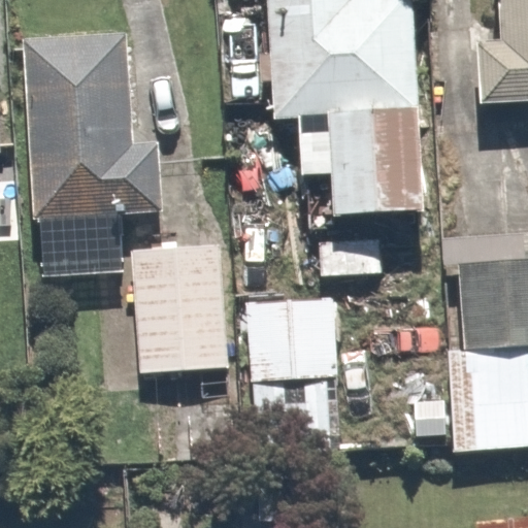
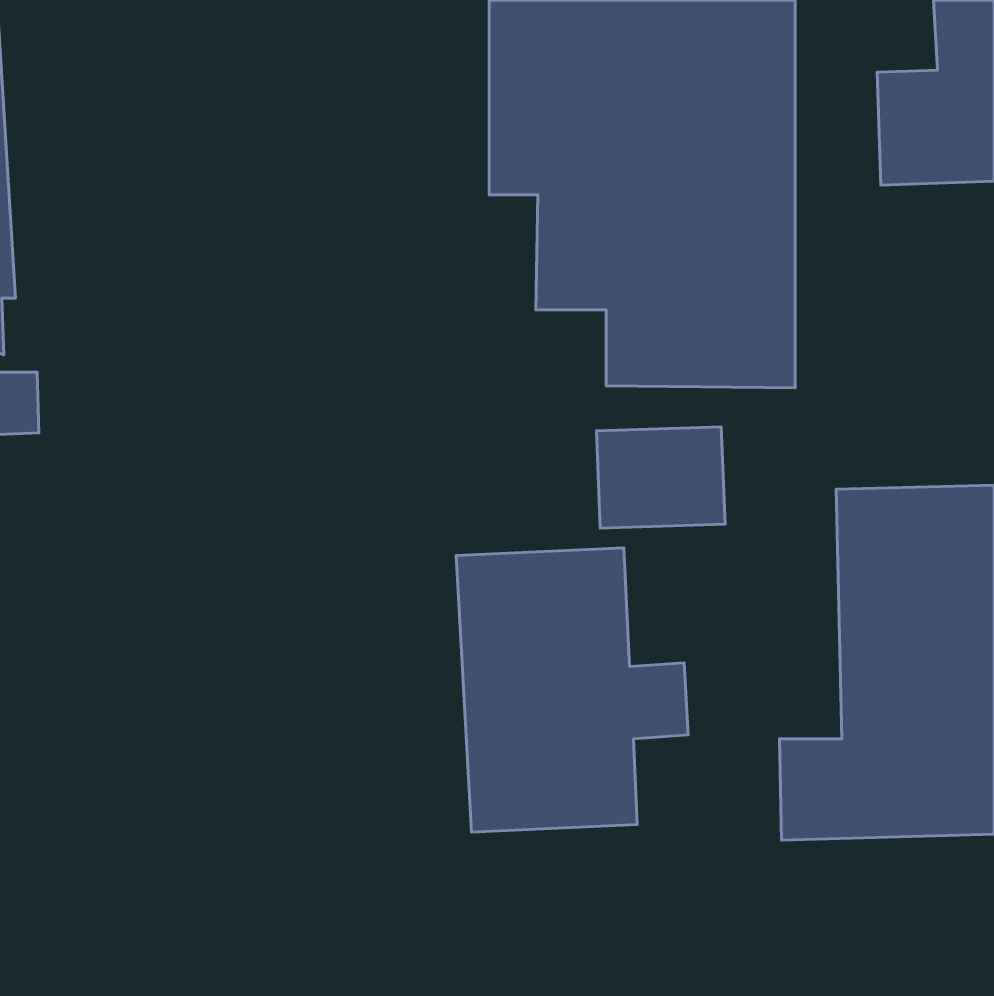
building: [25,36,165,224] -> none
building: [133,246,231,376] -> none

